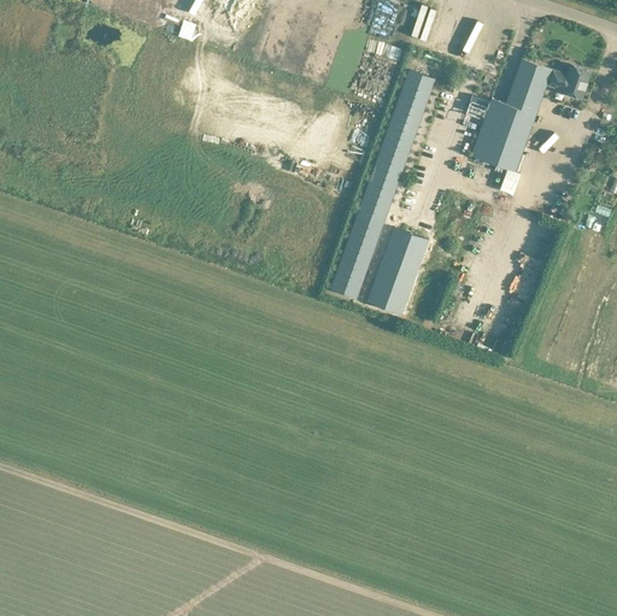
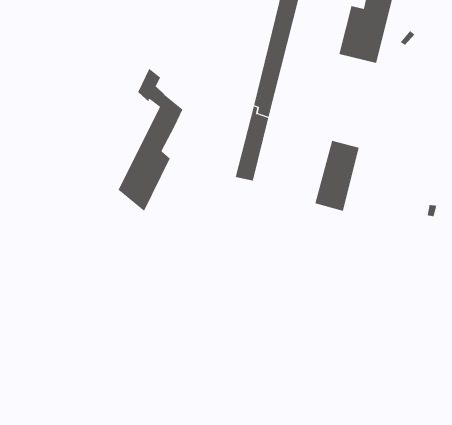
building: none -> [118,68,183,212]
building: [366,229,427,316] -> [315,140,359,212]

